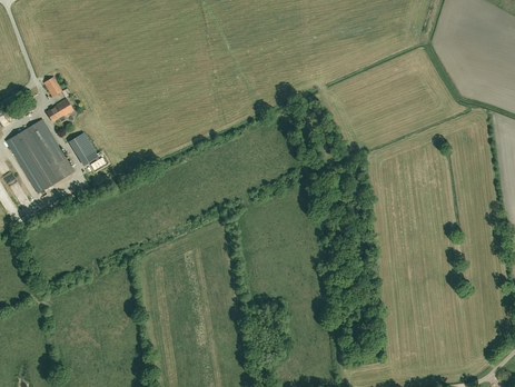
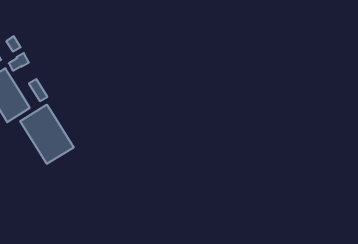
building: none -> [20,105,74,164]

